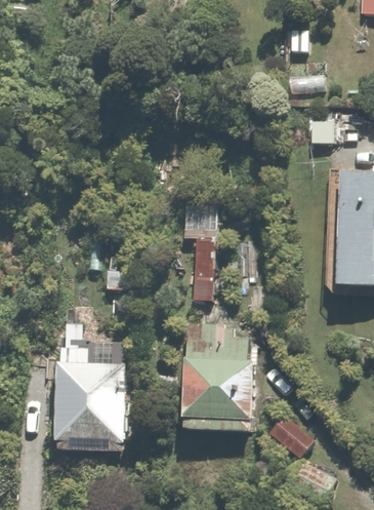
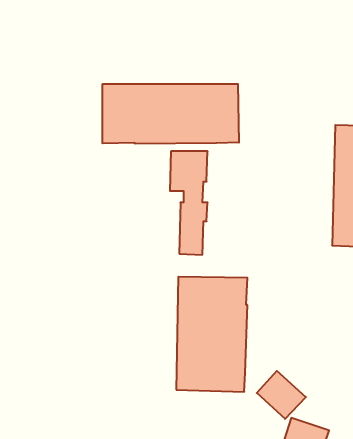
building: none -> [102,84,239,144]
building: [52,342,124,450] -> none

